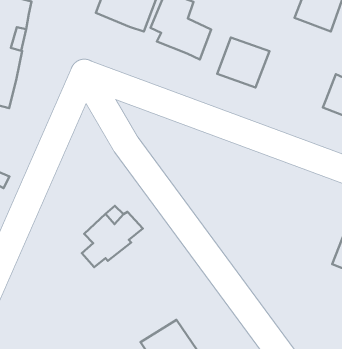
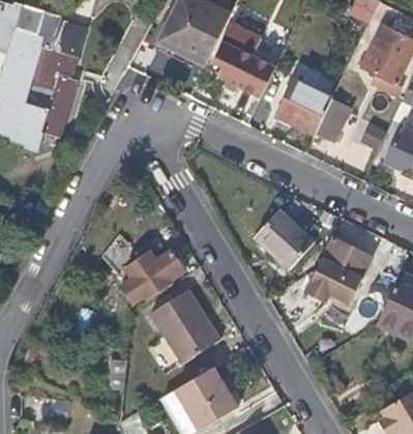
building: none -> [315,97,351,143]
building: none -> [257,211,315,271]
building: none -> [305,238,375,307]
building: none -> [157,288,222,359]

